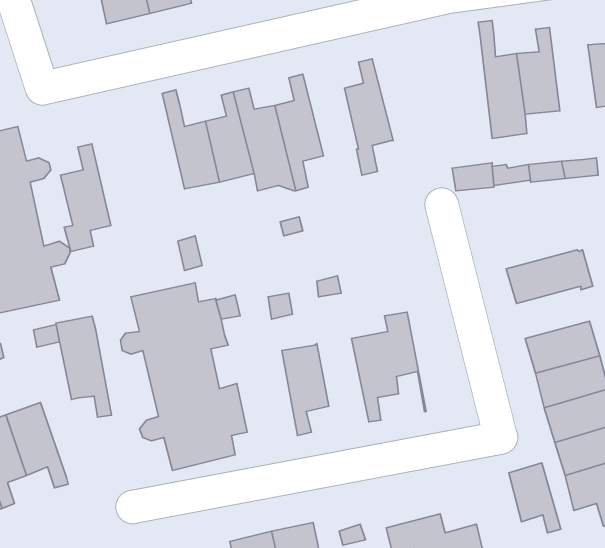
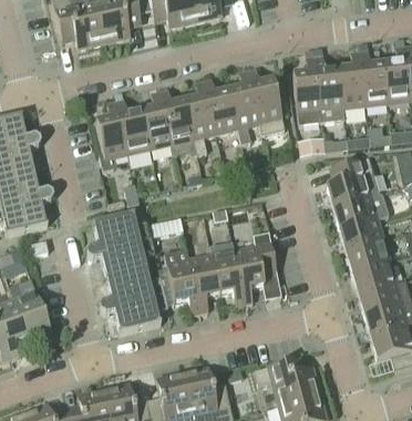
building: none -> [359,41,390,104]
building: none -> [292,57,323,124]
building: none -> [247,69,285,133]
building: none -> [203,79,238,133]
building: [61,144,111,251] -> [95,102,127,171]
building: none -> [326,157,378,205]
building: none -> [339,216,385,249]
building: [56,316,111,417] -> [164,248,199,312]
building: none -> [208,242,245,305]
building: [509,463,561,533] -> none

